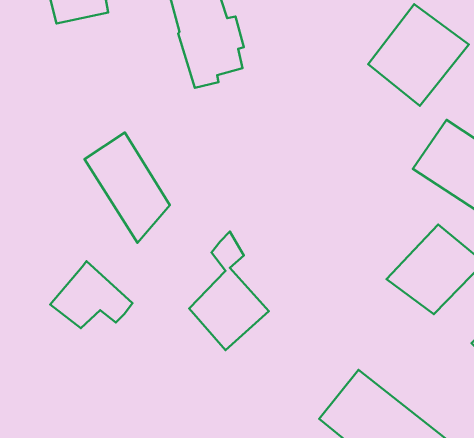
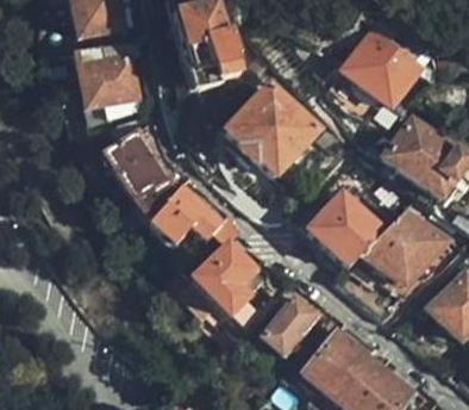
building: none -> [73,46,136,116]
building: none -> [225,86,317,175]
building: none -> [301,192,384,271]
building: [50,261,132,328] -> [149,185,219,242]
building: none -> [263,296,314,352]

